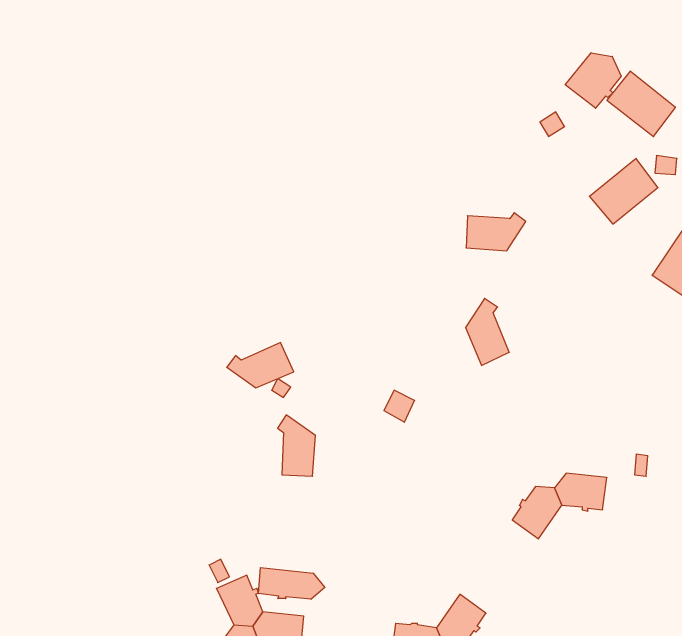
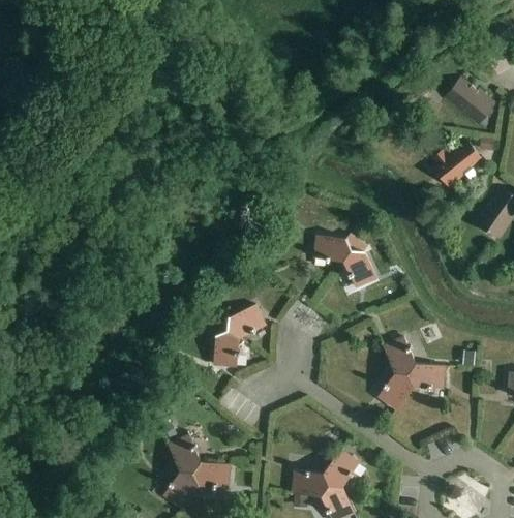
building: [565,53,621,108] -> none
building: [466,213,526,251] -> [314,234,357,261]
building: [227,343,294,388] -> [216,305,264,337]
building: none -> [382,337,415,374]
building: [259,568,325,599] -> none

